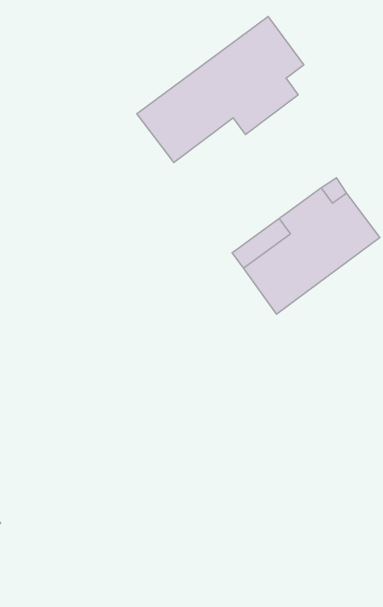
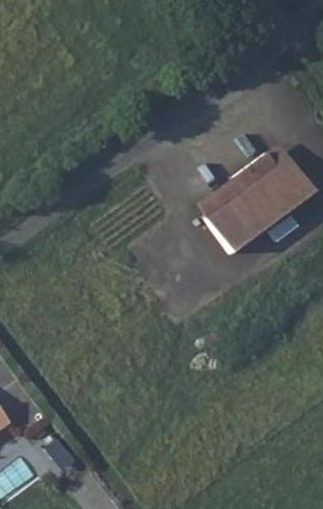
building: [137,17,304,163] -> none

